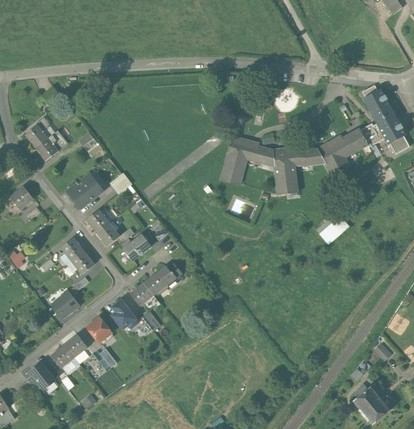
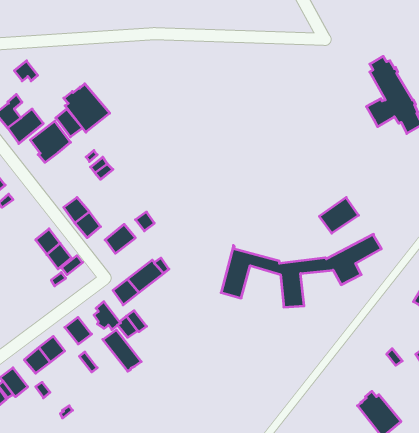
building: none -> [64,84,110,132]
building: [220,128,363,193] -> [221,234,381,307]
building: [66,173,102,210] -> [30,121,71,162]
building: [51,290,79,318] -> none
building: none -> [103,330,141,371]

